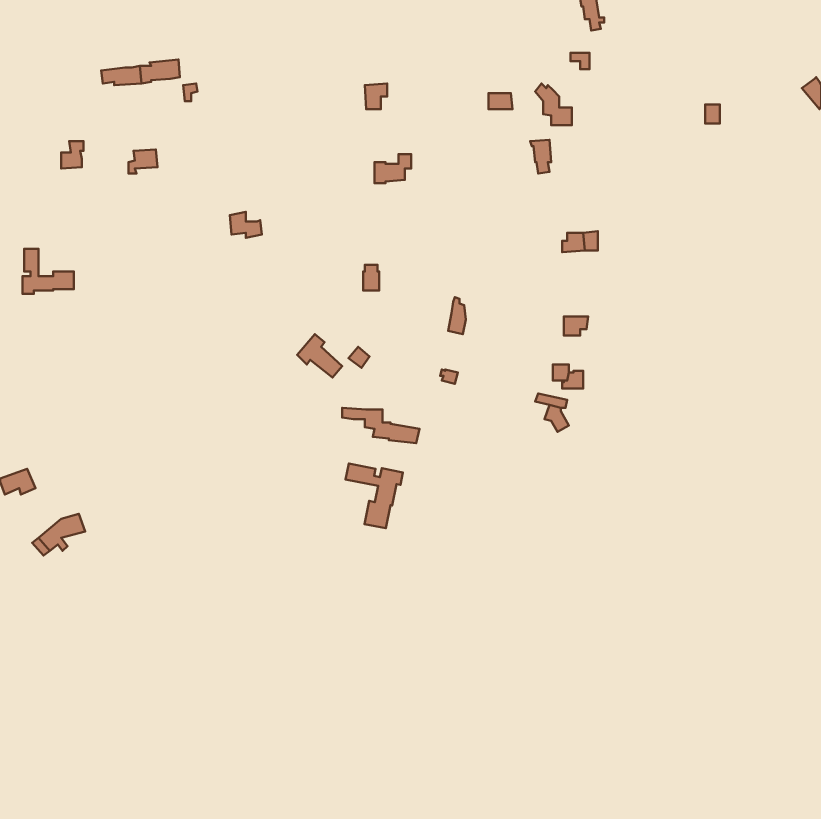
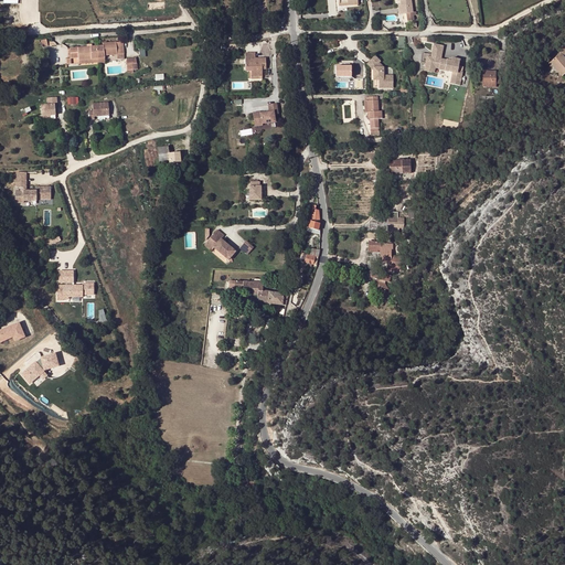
building: none -> [424,41,461,82]
building: none -> [57,270,94,299]
building: [346,463,403,528] -> none

